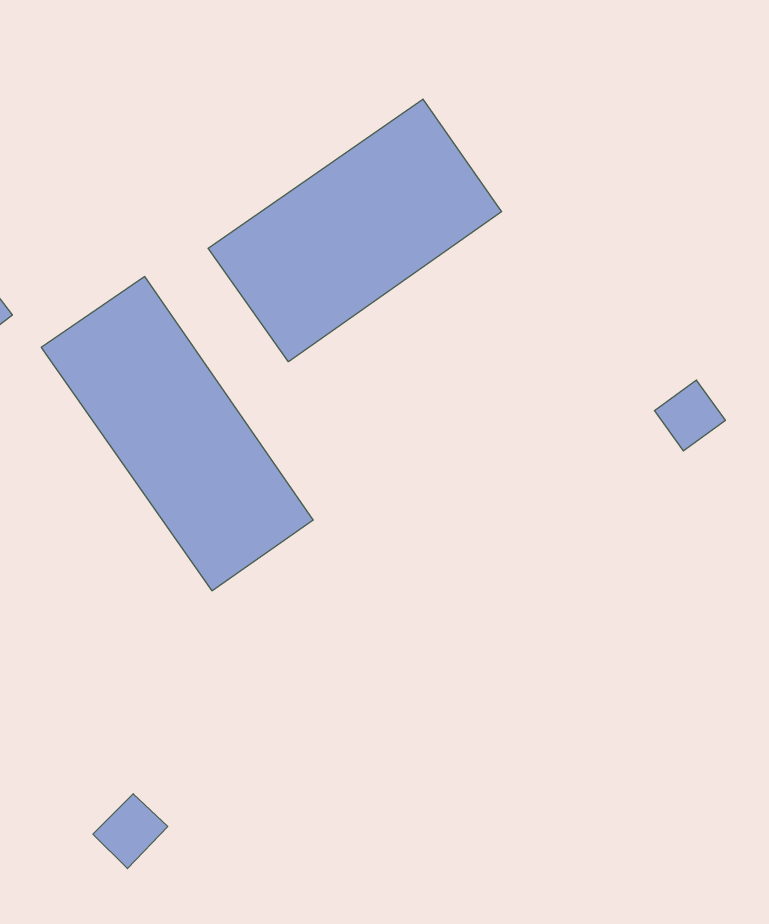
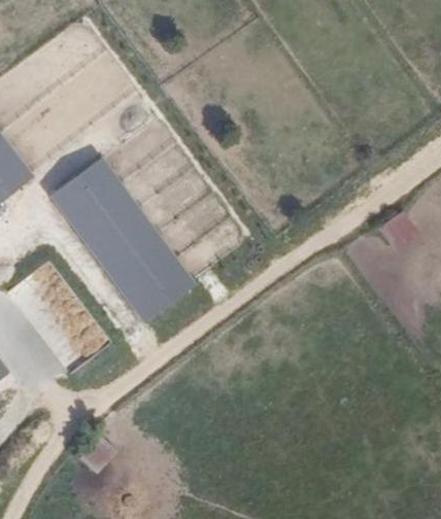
building: [208,99,502,362] -> none

